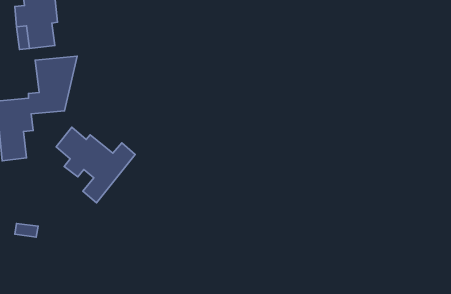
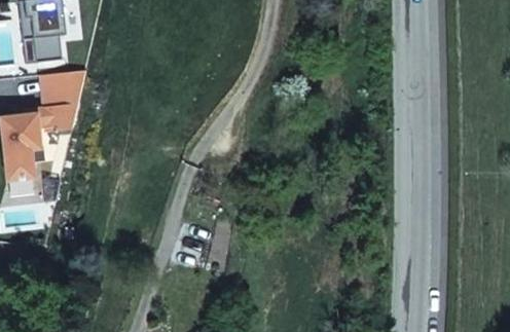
building: [56,127,135,203] -> none

